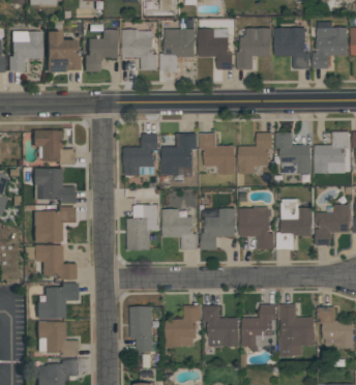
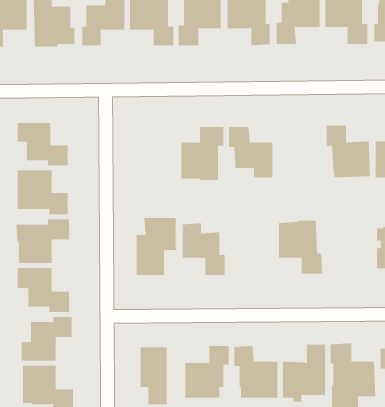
building: [239,132,273,174] -> none
building: [124,134,158,175] -> none
building: [277,199,313,249] -> none
building: [202,209,236,249] -> none

